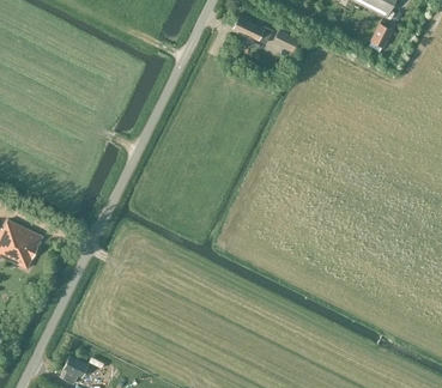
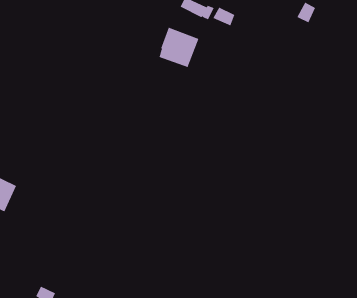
building: none -> [159,27,199,68]

